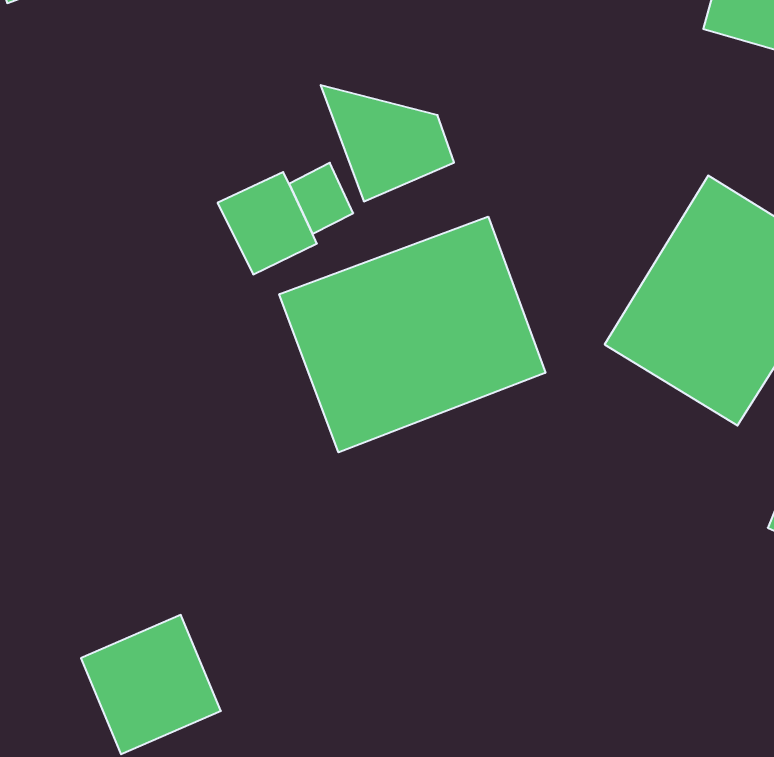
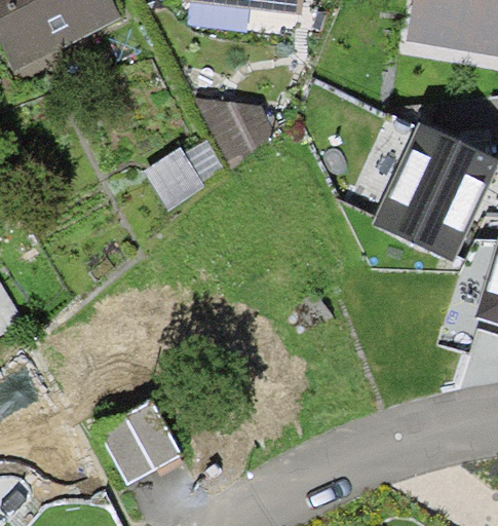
building: [279,217,545,452] -> none

